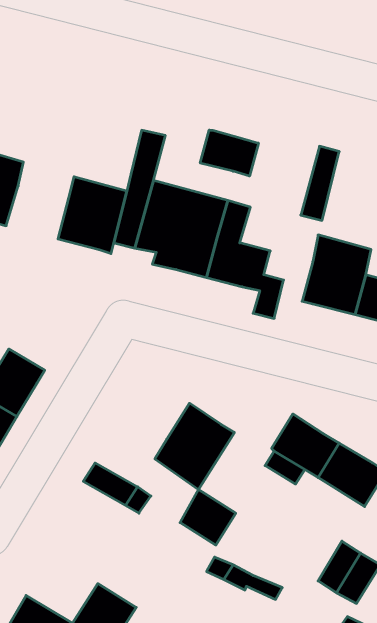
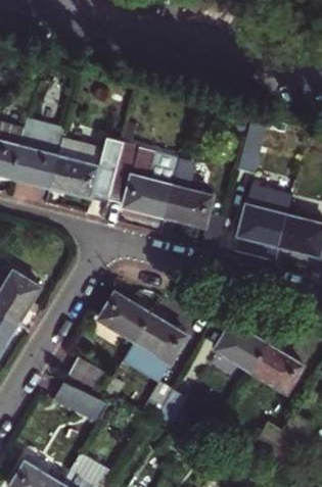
building: [200,130,258,176] -> none
building: none -> [10,123,64,188]
building: none -> [98,293,151,342]
building: none -> [55,385,111,427]

